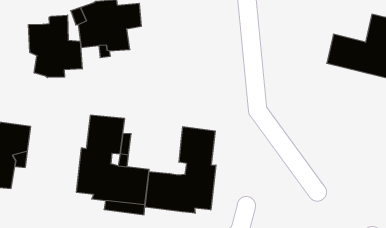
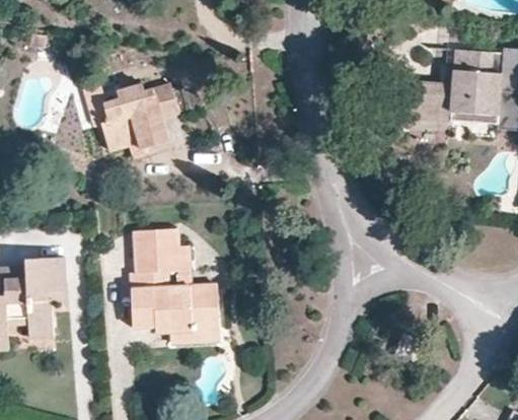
building: [29,15,82,78] -> none
building: [145,127,216,213] -> none

